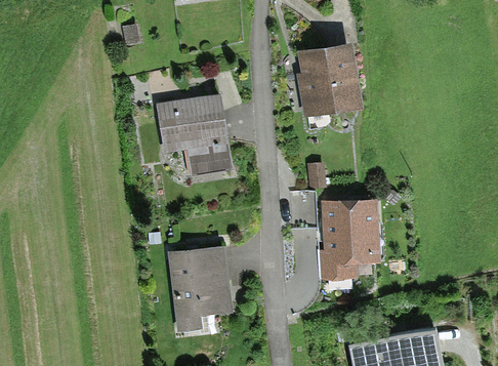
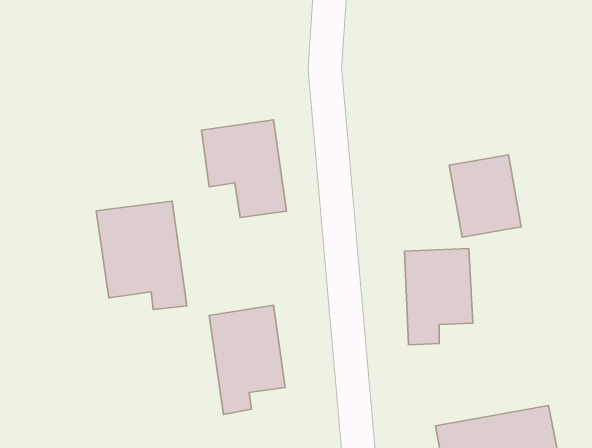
building: [301,48,359,114] -> [449,155,521,237]
building: none -> [96,201,187,310]

